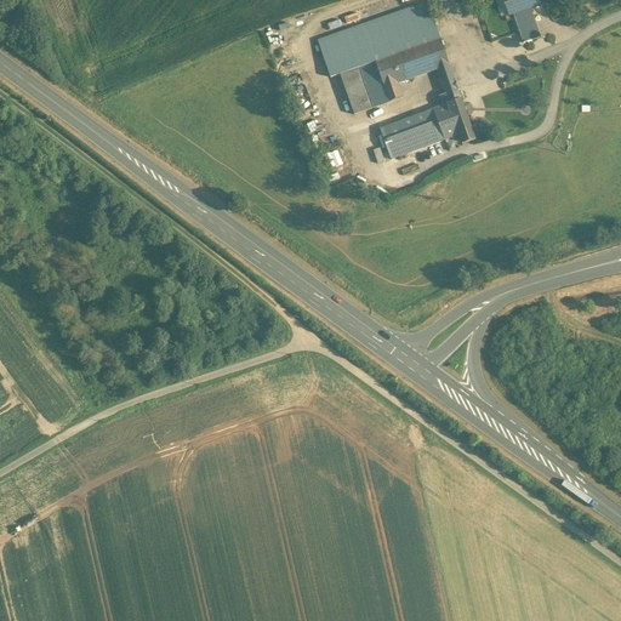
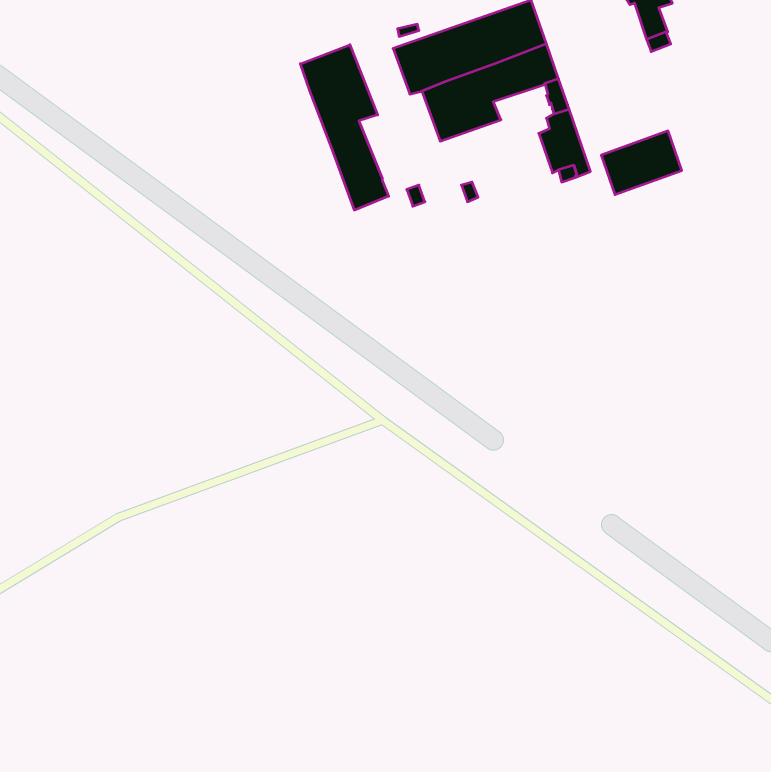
building: none -> [300,45,389,210]
building: [377,107,441,158] -> [601,131,682,195]

